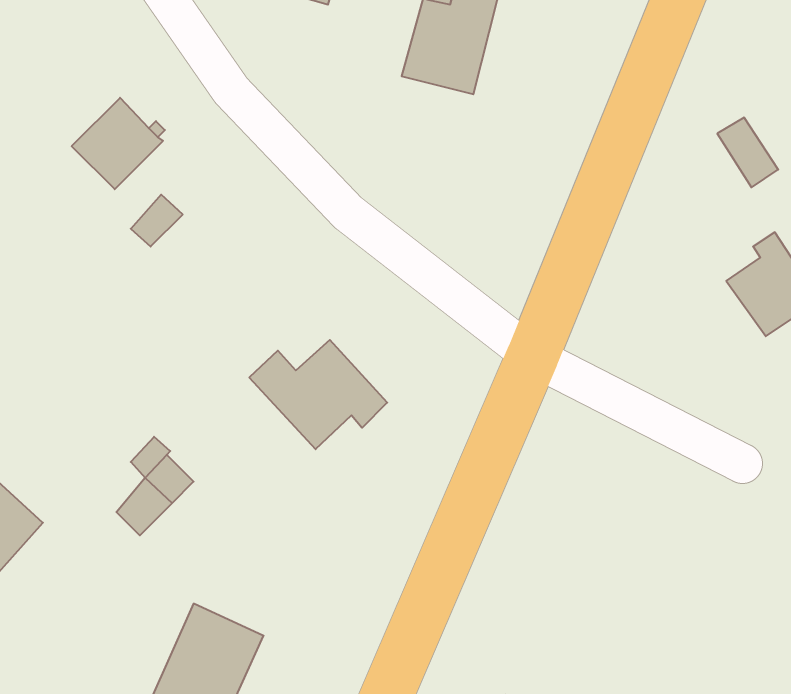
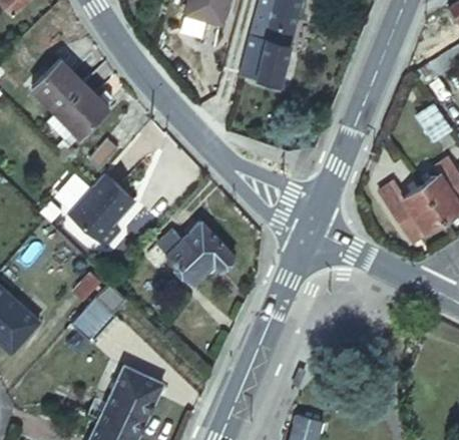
building: none -> [32,60,83,112]
building: none -> [67,174,132,248]
building: none -> [381,183,444,240]

